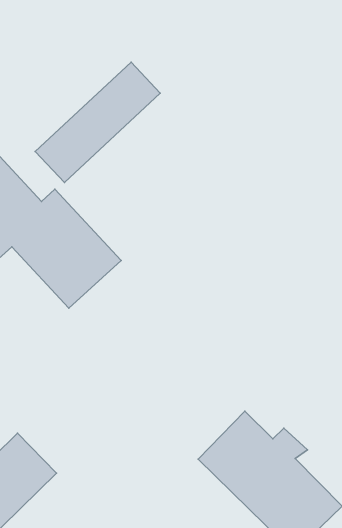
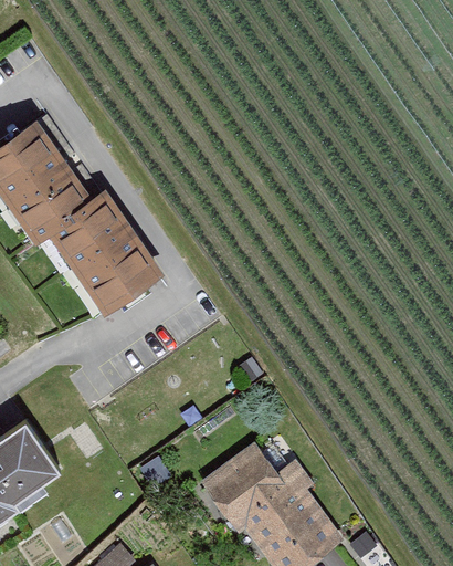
building: [35,62,160,183] -> none

